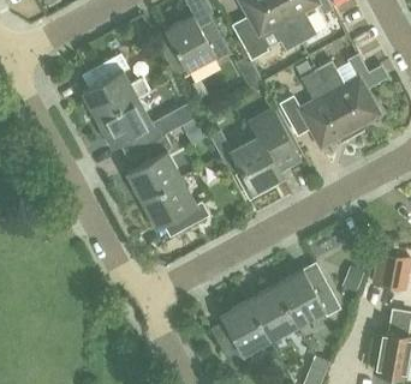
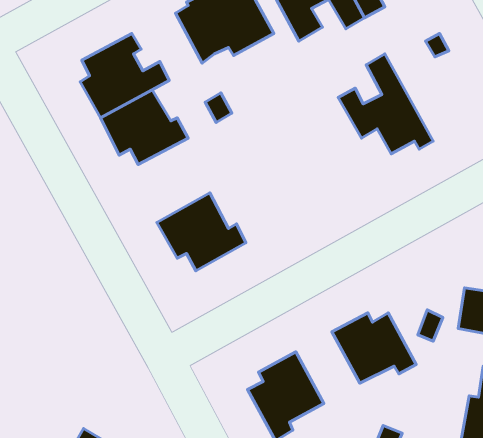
building: [316,61,380,137] -> none
building: [212,112,300,200] -> none
building: [126,134,181,199] -> none
building: [248,283,297,338] -> none

